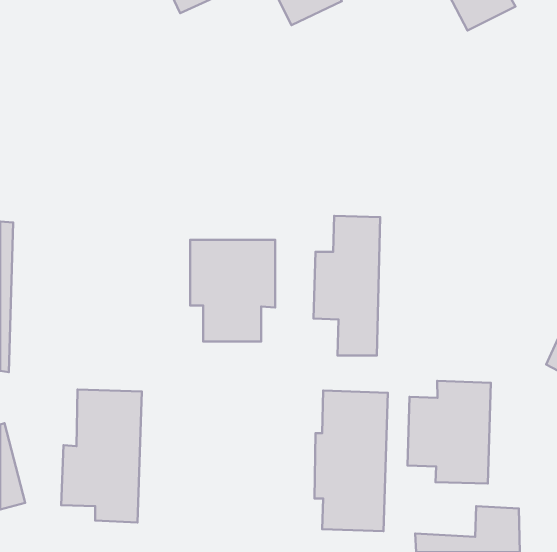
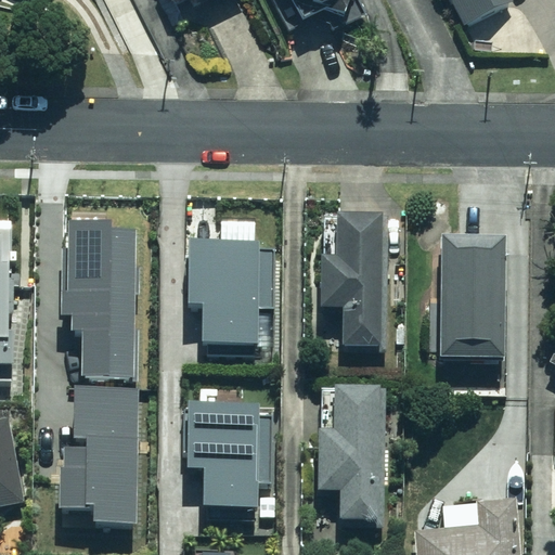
building: none -> [64,216,138,371]
building: none -> [435,236,502,362]
building: [407,381,491,484] -> none
building: none -> [186,401,271,502]

